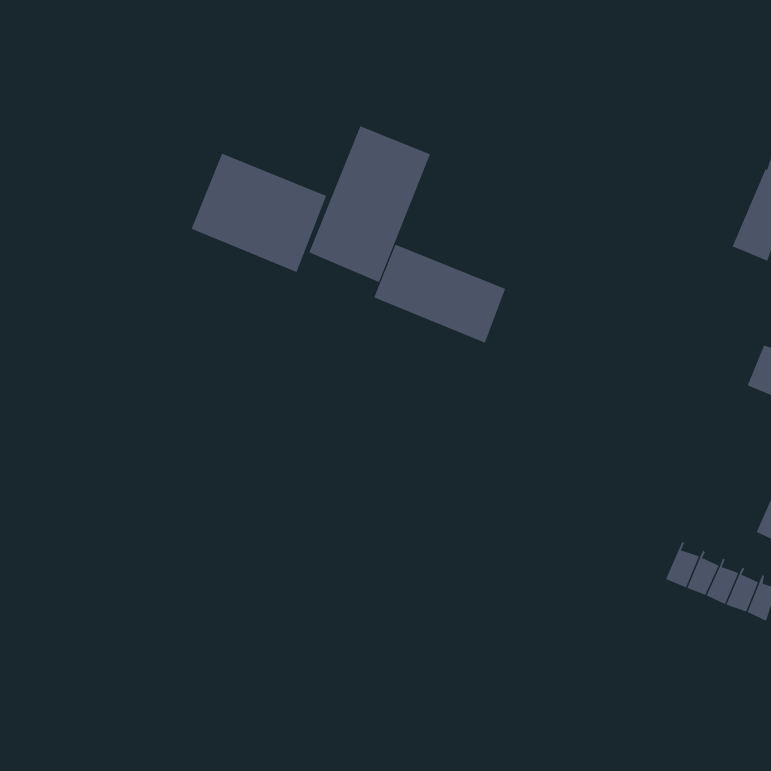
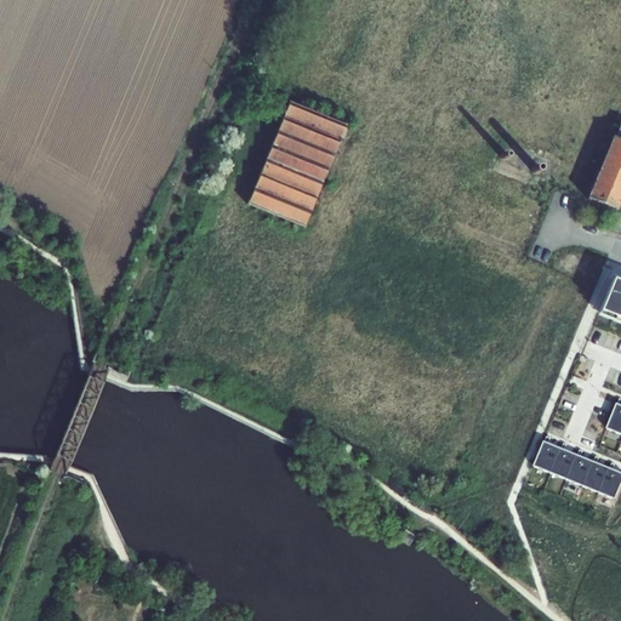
building: [191,153,327,273] -> none
building: [373,244,506,343] -> none

